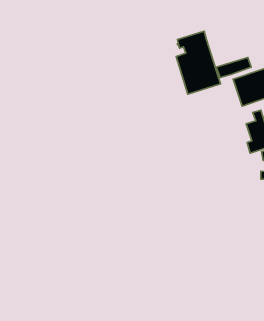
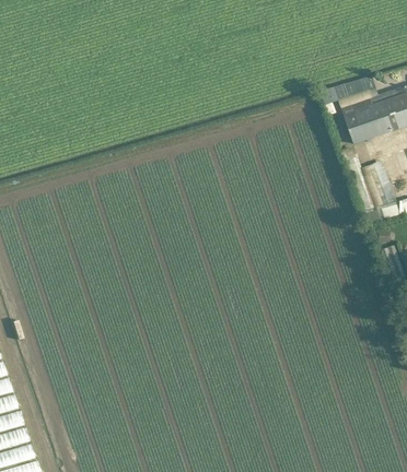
building: [176,31,220,94] -> none

